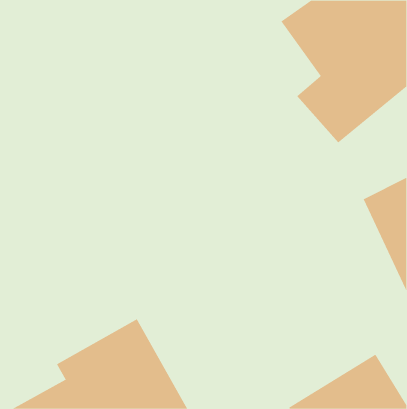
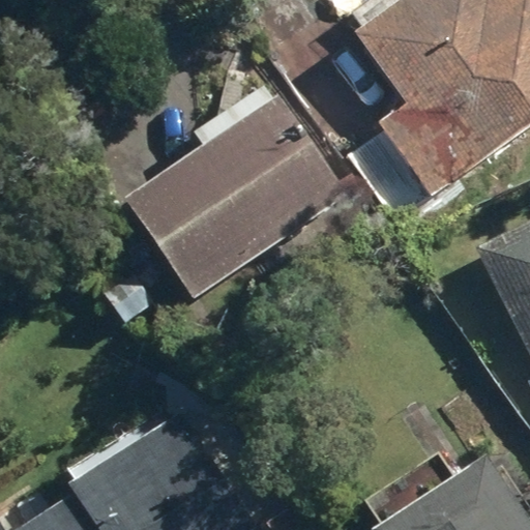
building: none -> [134,101,347,298]

